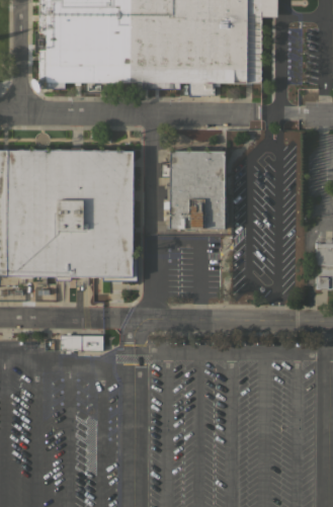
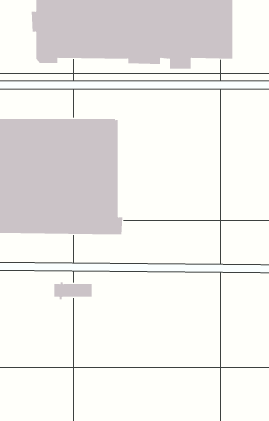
building: [170,150,226,229] -> none

